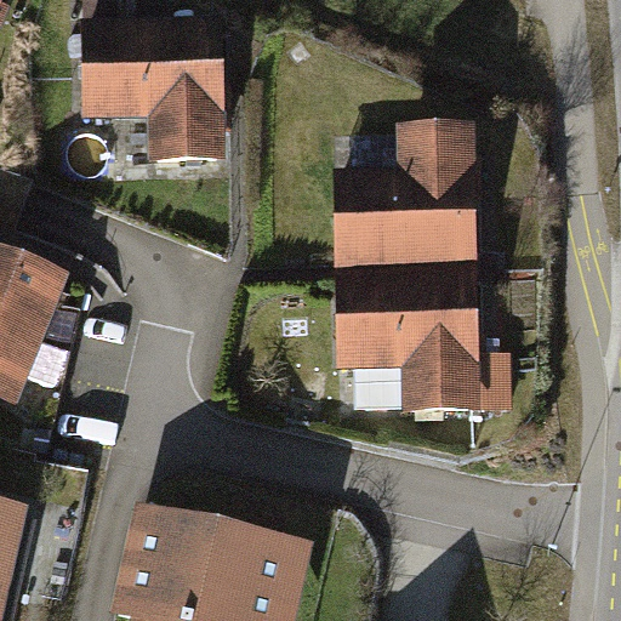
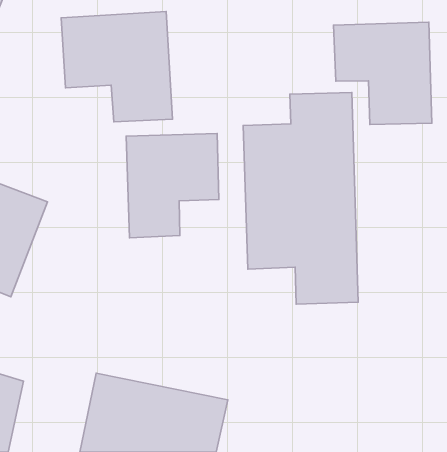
building: none -> [334,22,432,125]
building: none -> [126,134,219,238]

